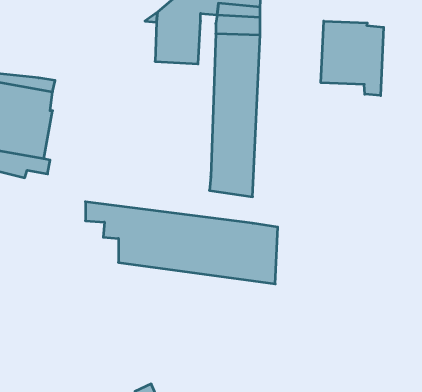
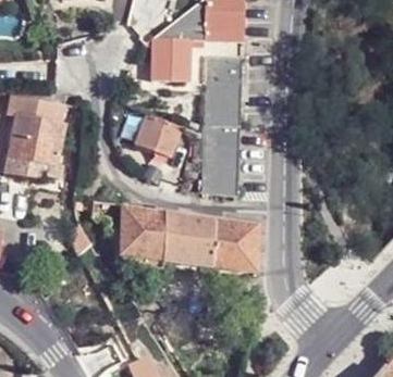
building: [321,21,384,96] -> none
building: none -> [139,114,182,156]

